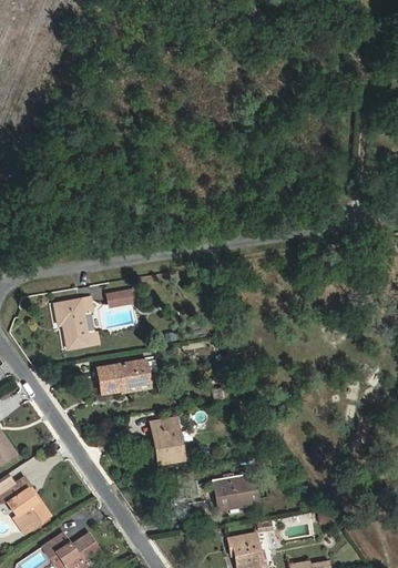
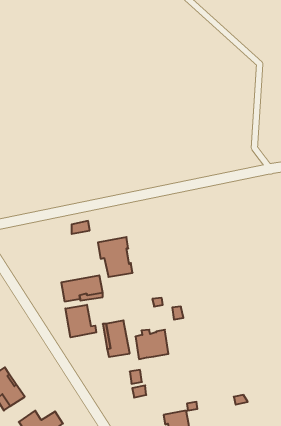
building: [54,297,99,348] -> [98,237,133,277]
building: none -> [65,305,96,337]
building: [215,473,257,510] -> [135,330,168,359]

